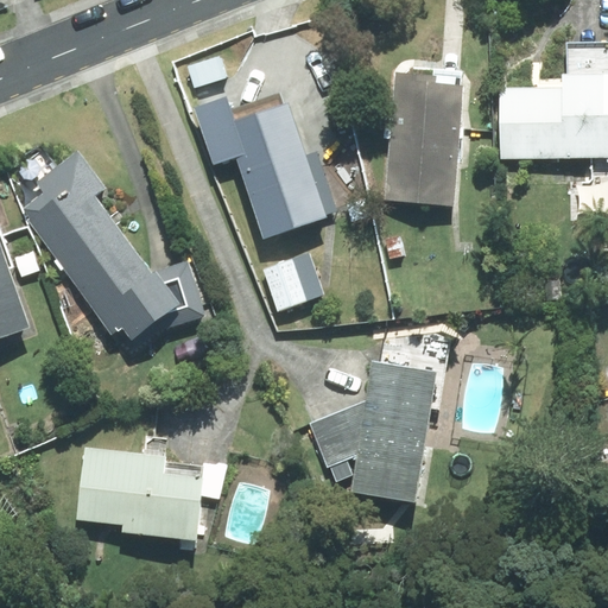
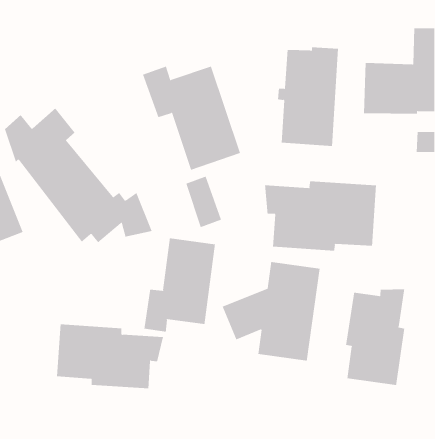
building: none -> [265,181,376,252]
building: none -> [144,237,216,332]
building: none -> [346,288,405,386]

